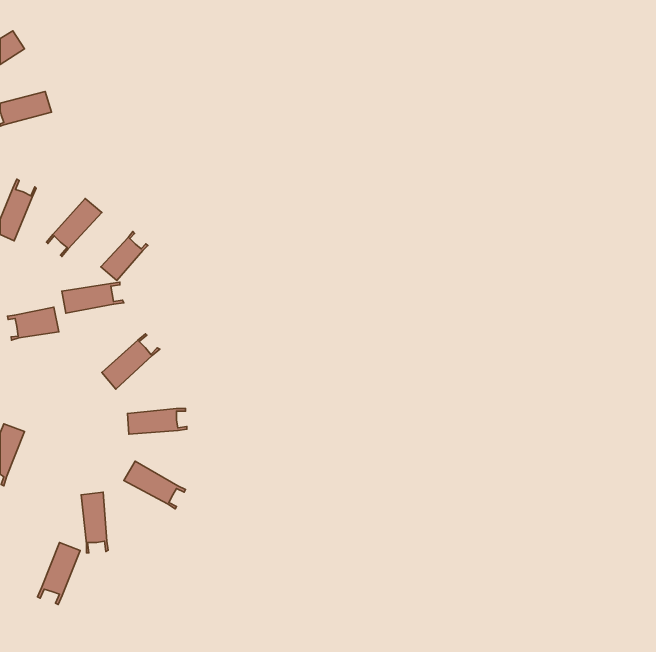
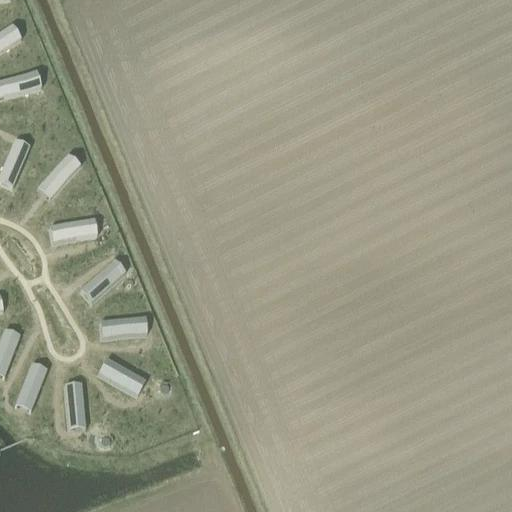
building: [101,232,148,281] -> none
building: [8,307,59,340] -> none
building: [38,543,80,604] -> [15,363,48,411]

